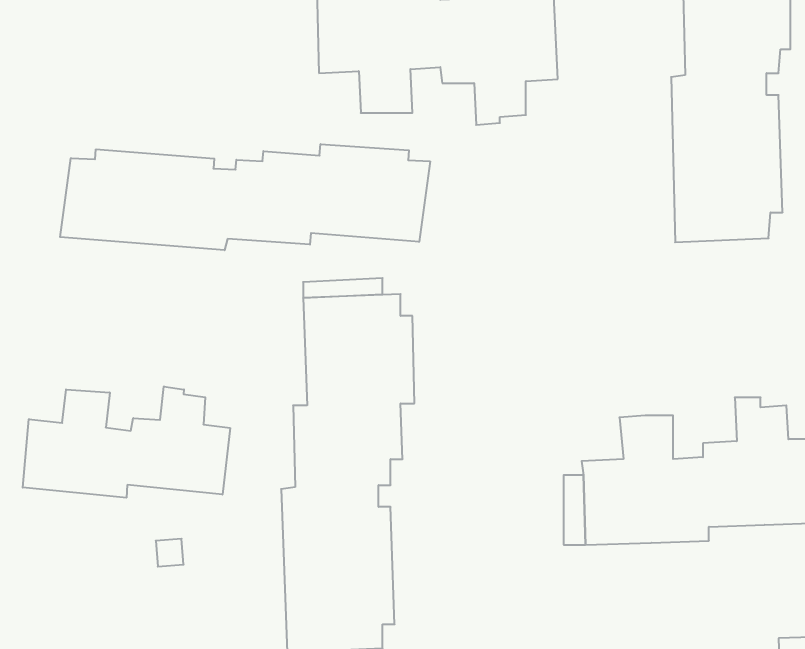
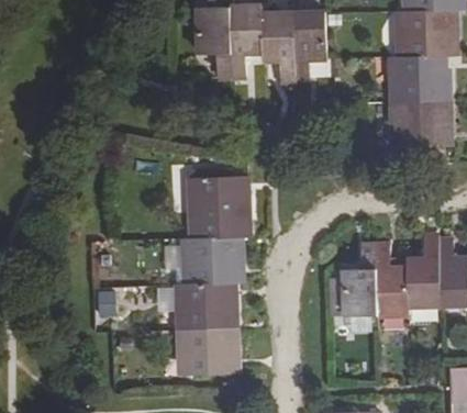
building: [60,144,430,250] -> none
building: [23,386,230,498] -> none

